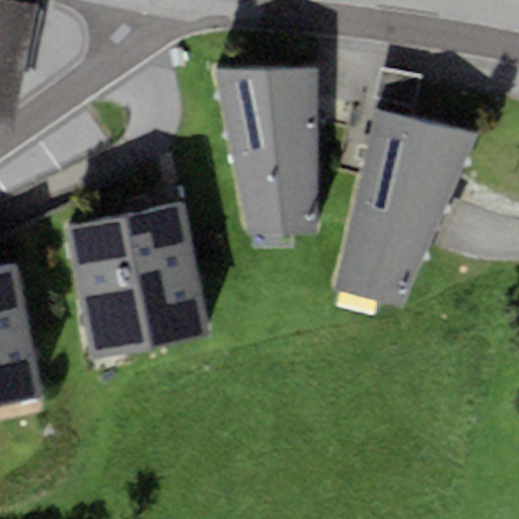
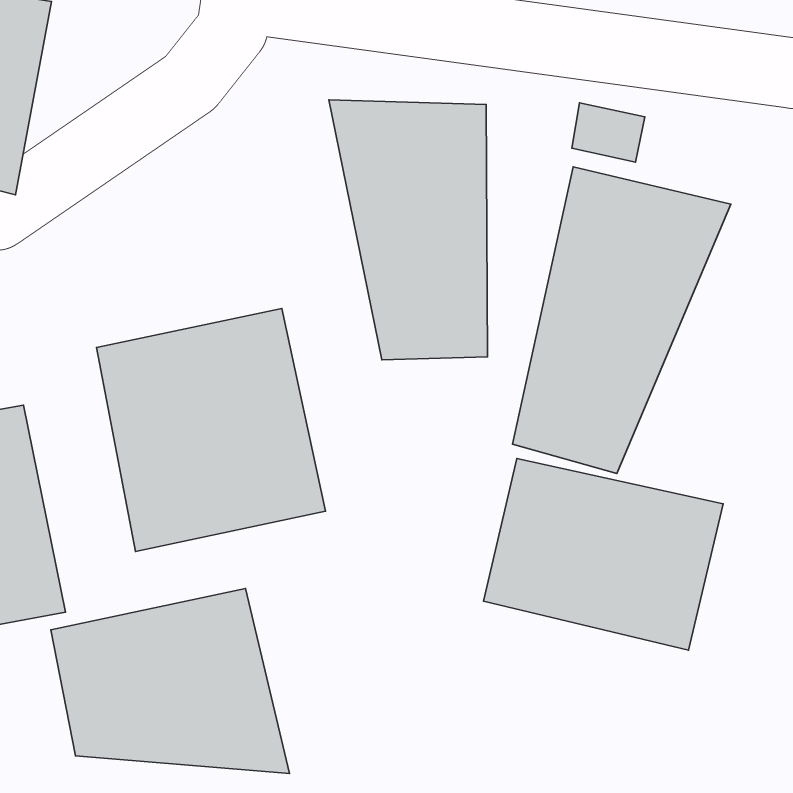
building: none -> [484,458,723,650]
building: none -> [51,588,290,774]

